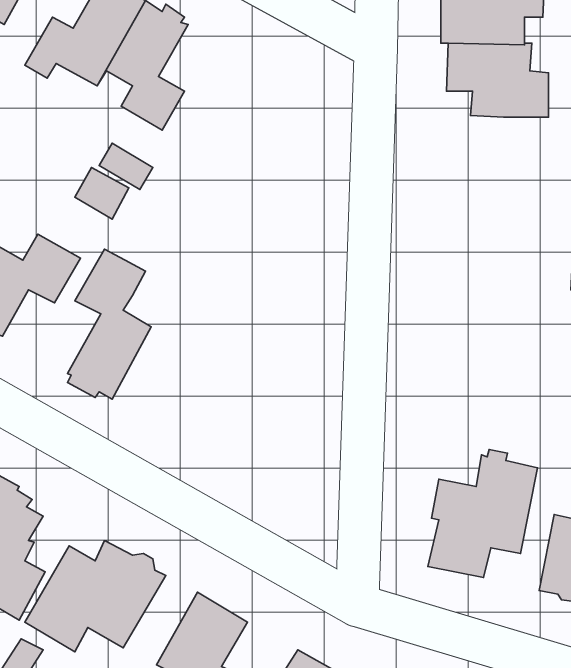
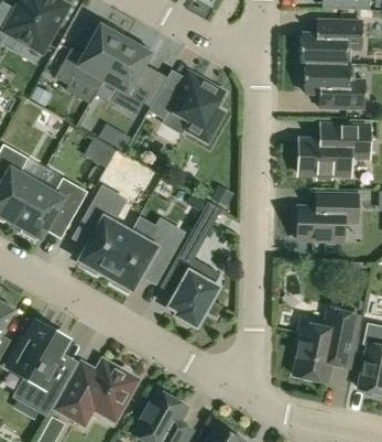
building: none -> [149,77,223,139]
building: none -> [298,125,370,177]
building: none -> [297,193,358,239]
building: none -> [170,201,222,325]
building: none -> [107,218,185,292]

